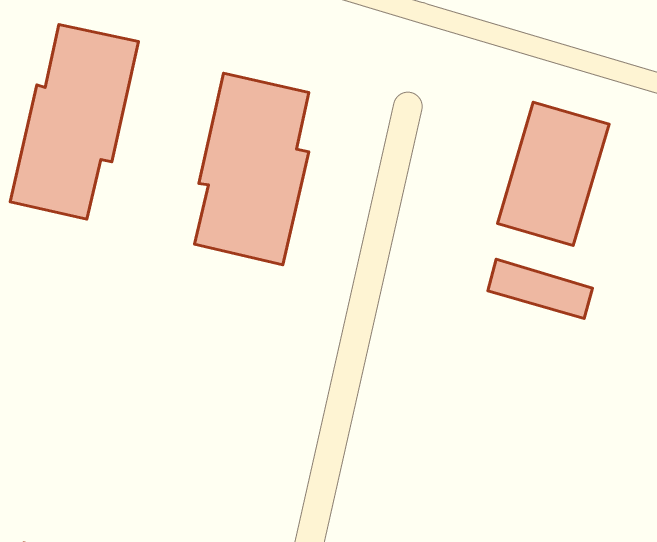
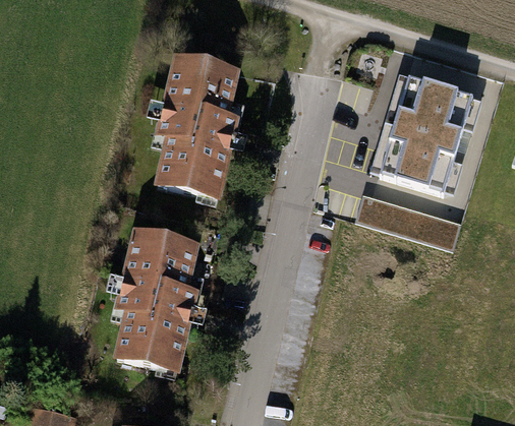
building: [10,24,138,219] -> none
building: none -> [114,230,199,371]

